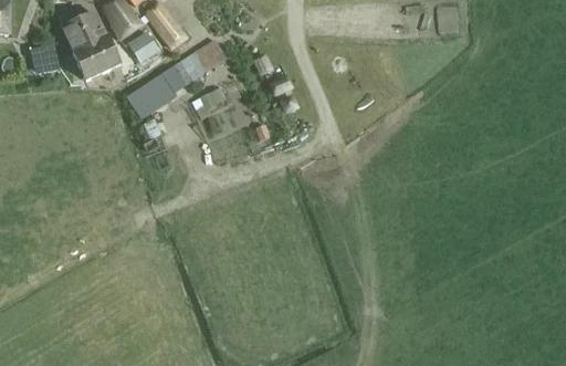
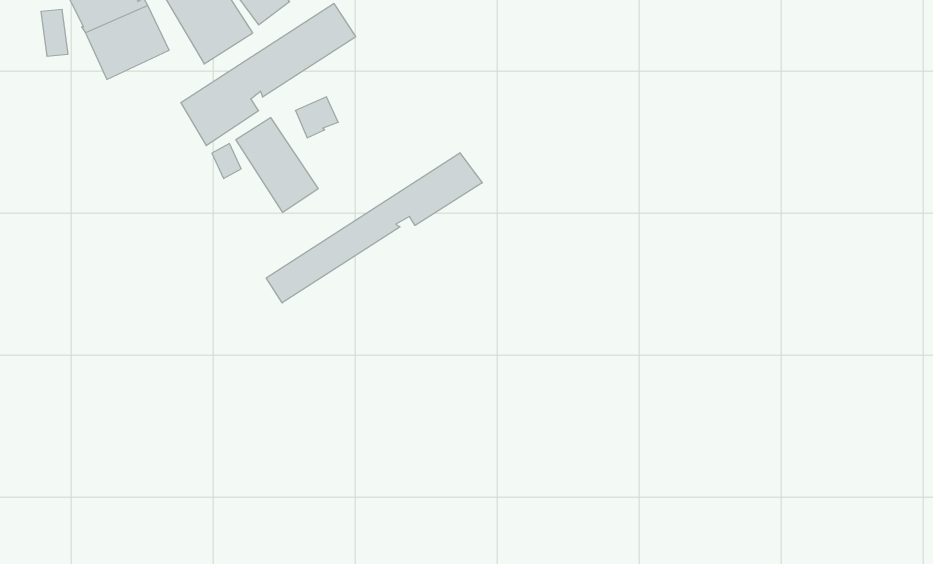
building: none -> [236,118,318,212]
building: none -> [266,153,482,303]

